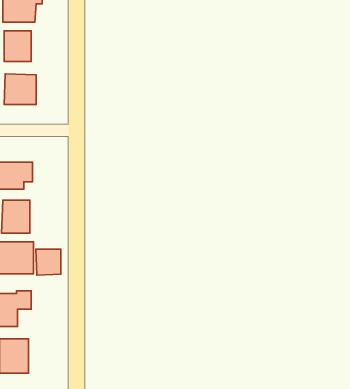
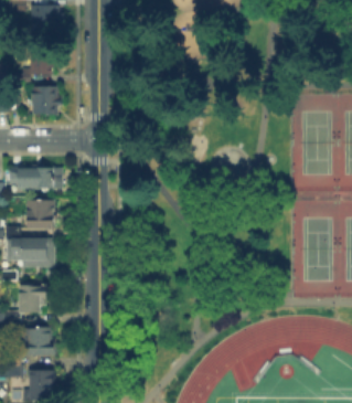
building: [36,249,61,275] -> none

